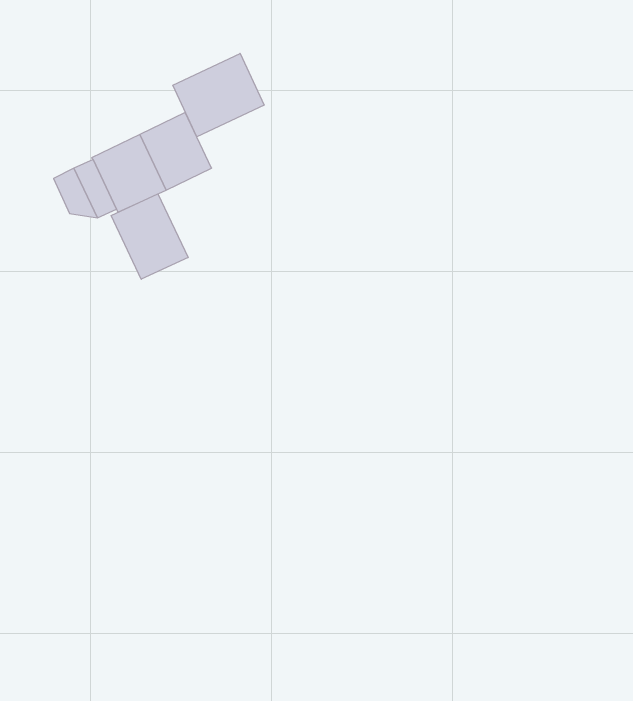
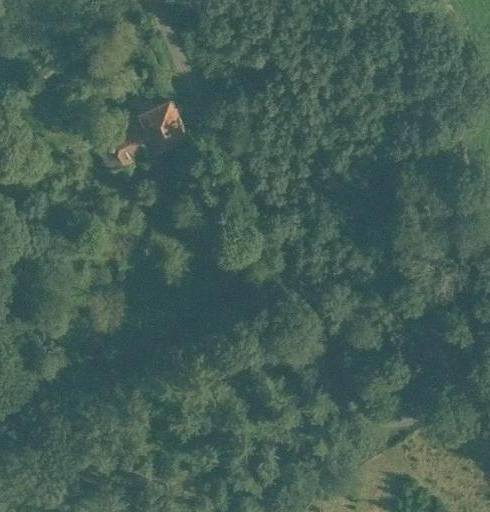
building: [173,53,264,137] -> none
building: [111,194,188,279] -> none

